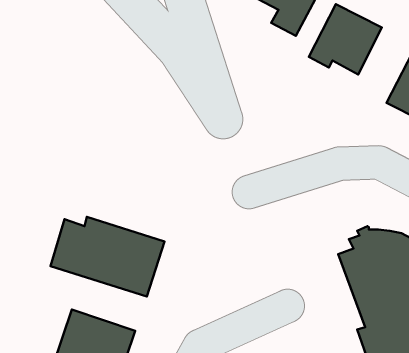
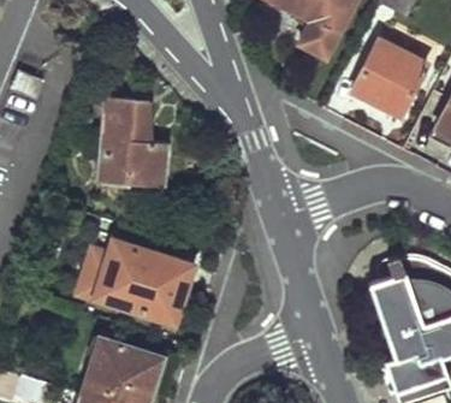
building: none -> [99,101,168,191]

